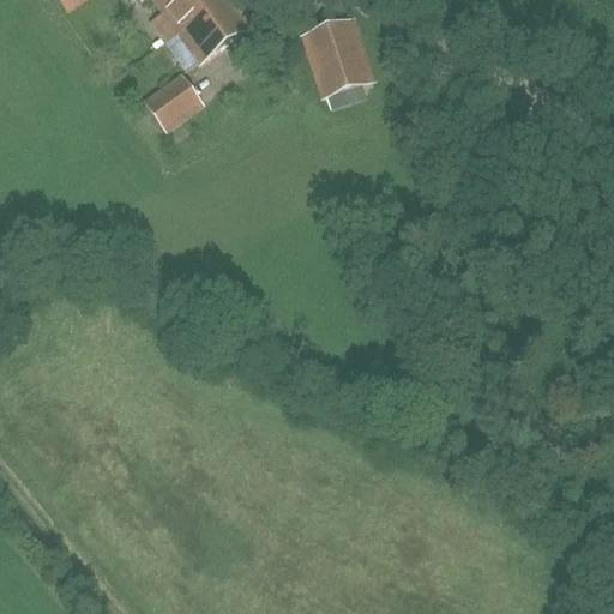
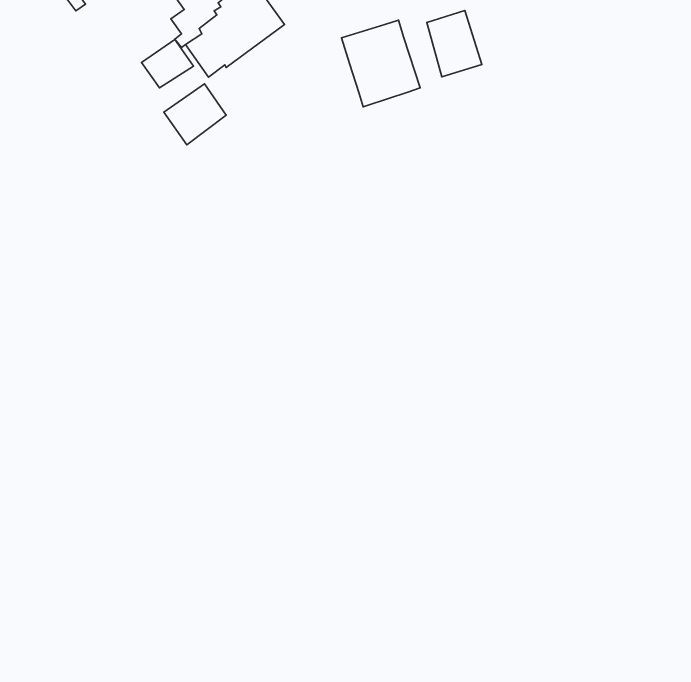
building: none -> [427,11,482,77]
building: none -> [142,39,193,88]

